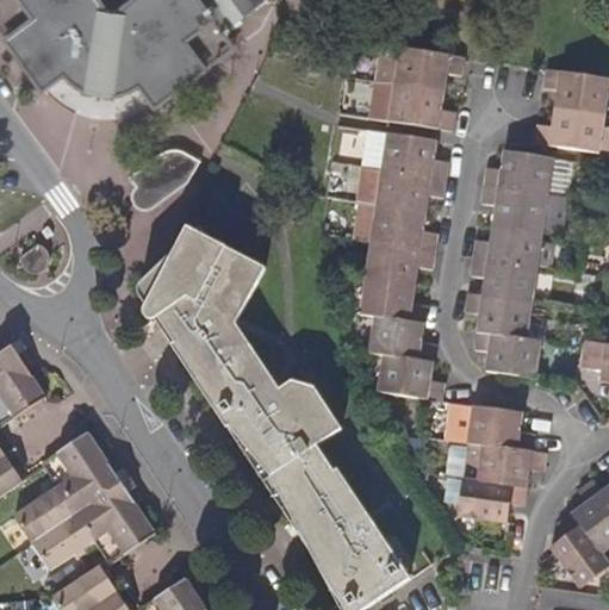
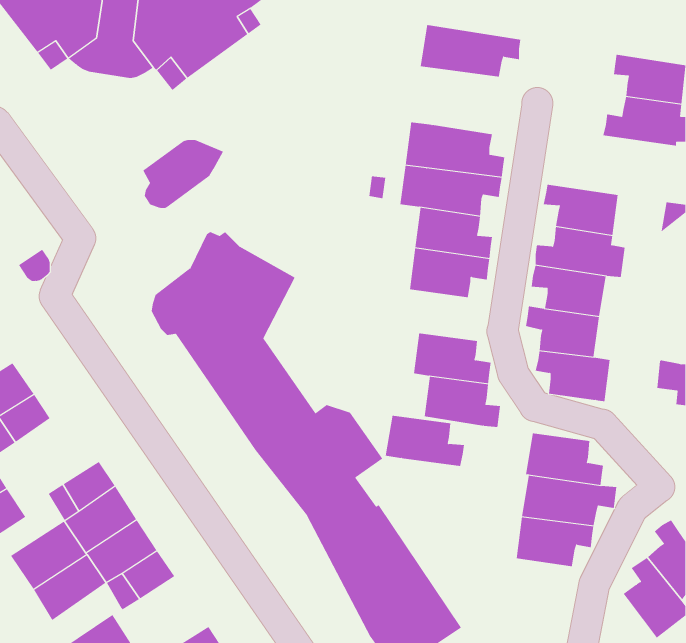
building: [385,85,454,131] -> none
building: [484,152,552,195] -> none
building: [356,279,427,324] -> [385,415,465,466]

